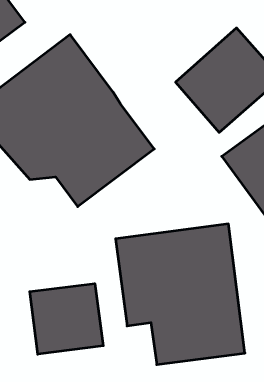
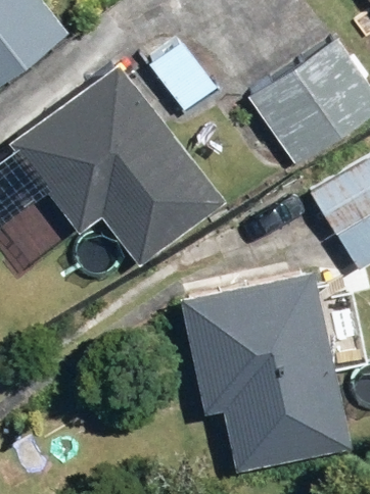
building: [30,284,103,354] -> none

